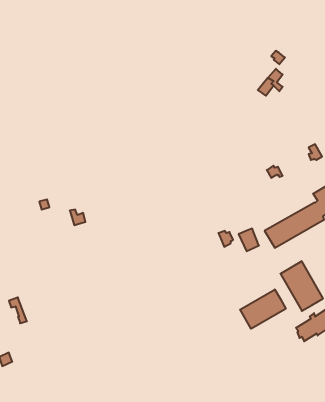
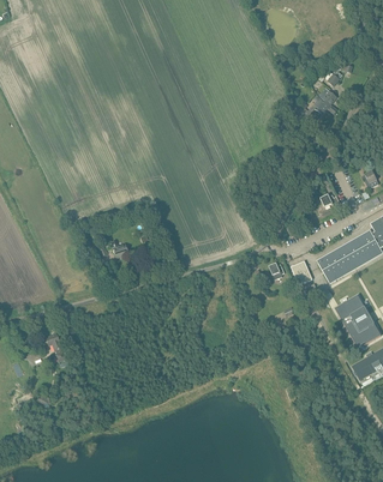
building: [240,289,286,329] -> none

